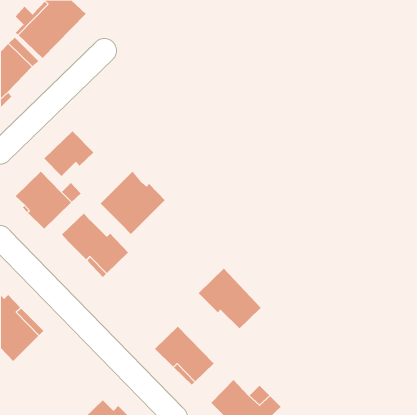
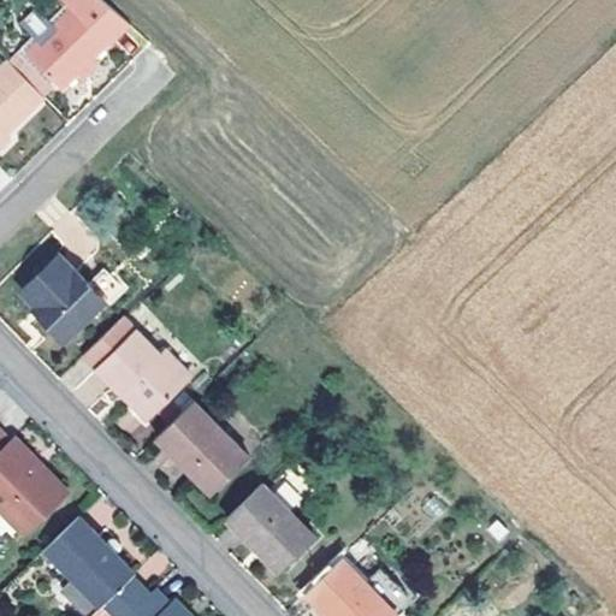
building: [44,130,94,177] -> none
building: [100,171,166,235] -> none
building: [198,268,261,329] -> [154,401,248,491]
building: none -> [43,517,131,605]

